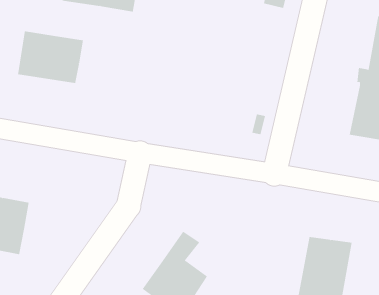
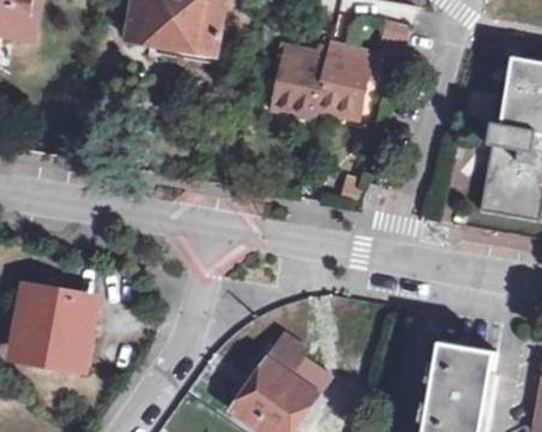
building: none -> [276,46,376,120]
building: [18,30,83,84] -> none

